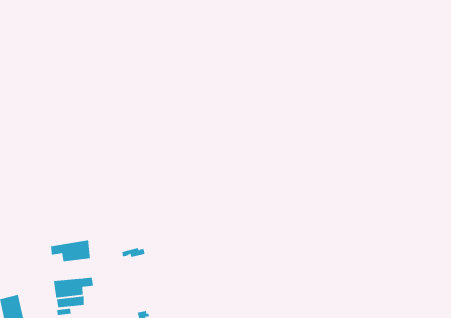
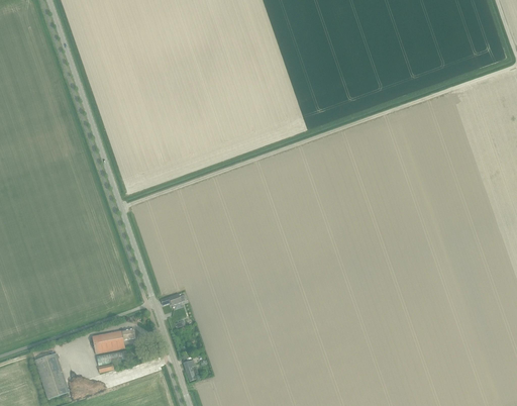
building: [50,239,90,262] -> none

